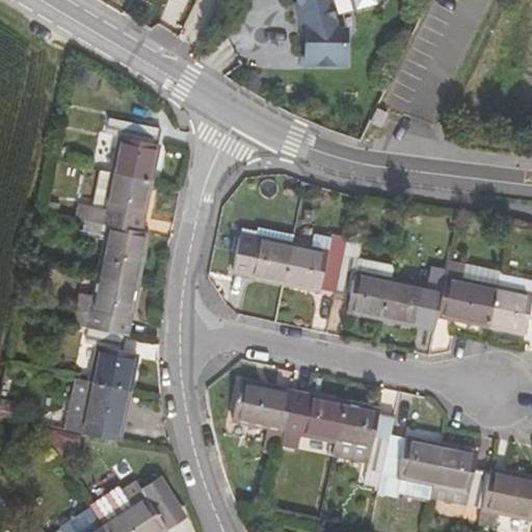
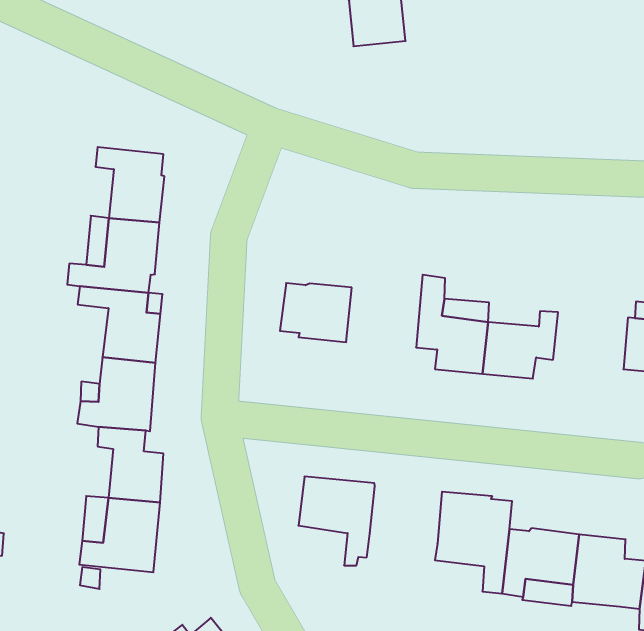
building: [282,237,344,293] -> none
building: [434,276,495,325] -> none
building: [285,394,342,442] -> none

